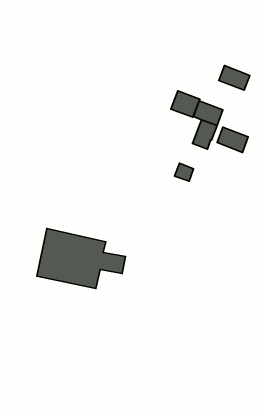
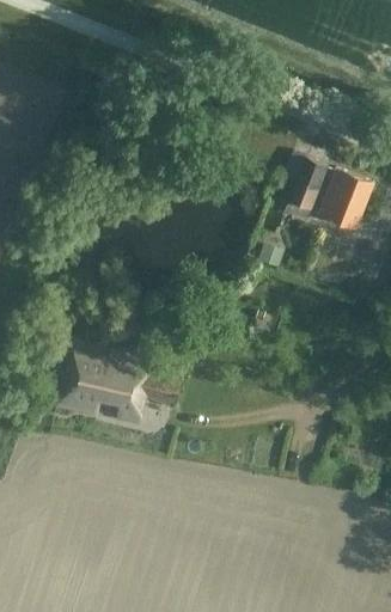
building: [219,66,250,90] -> [328,170,373,206]
building: [171,91,200,117] -> none

